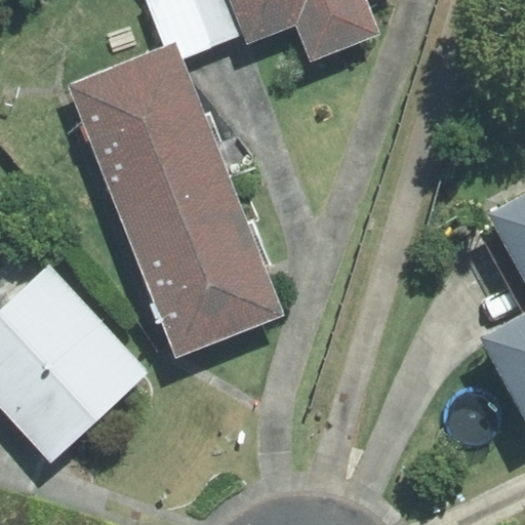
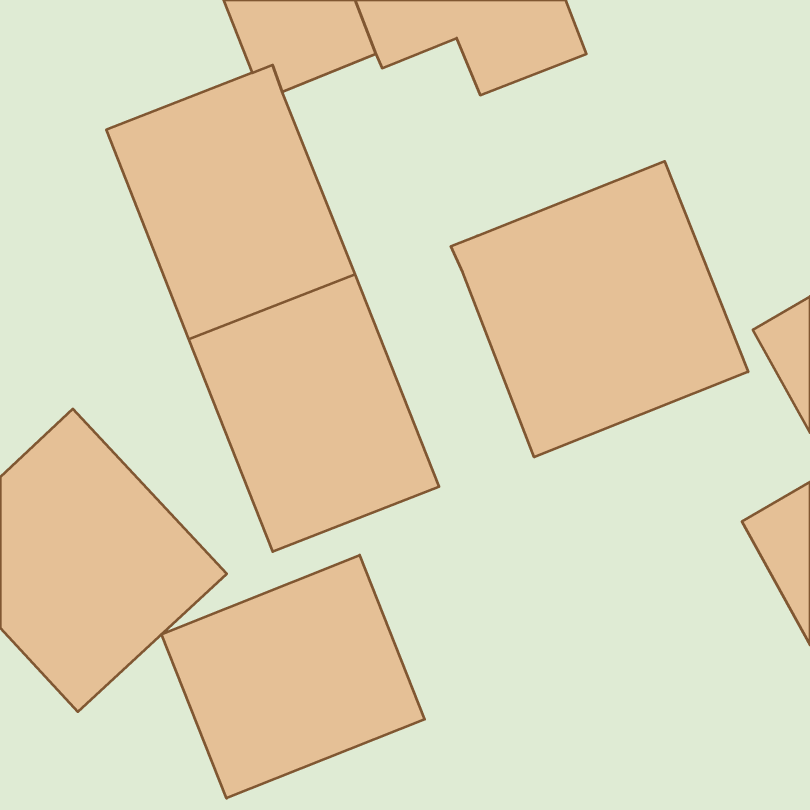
building: none -> [451,161,748,457]
building: none -> [162,555,425,798]

